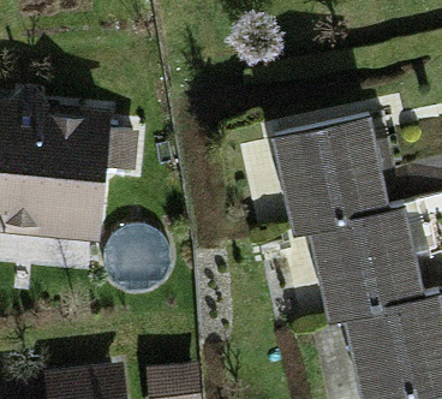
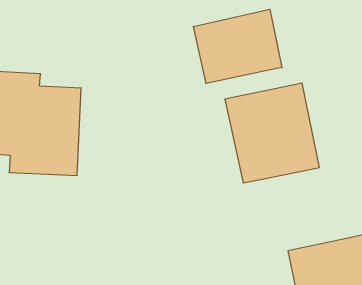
building: none -> [193,9,282,84]
building: [315,214,422,320] -> none

